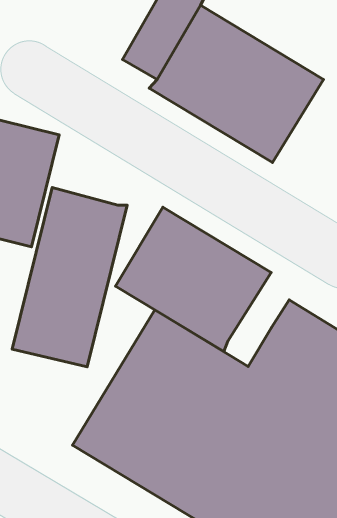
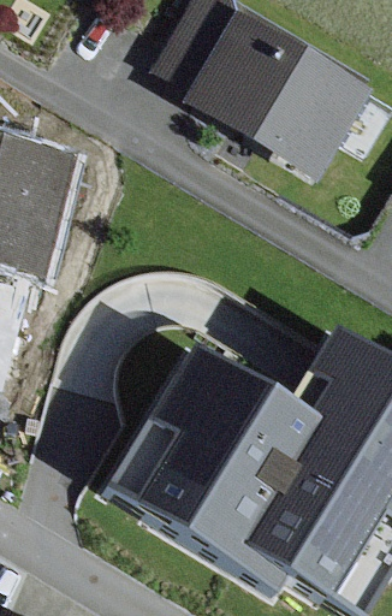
building: [12,187,127,367] -> none
building: [116,207,271,351] -> none

